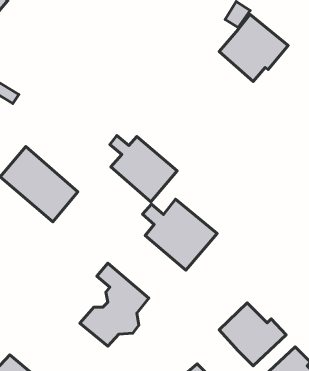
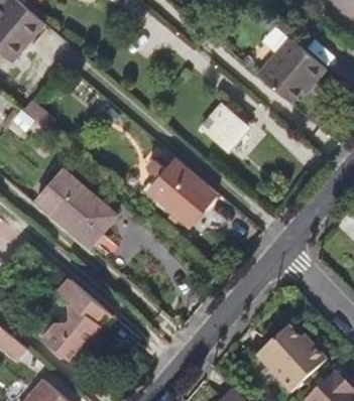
building: none -> [201,103,247,149]
building: [142,199,217,270] -> none
building: [80,263,149,346] -> [41,277,111,361]

